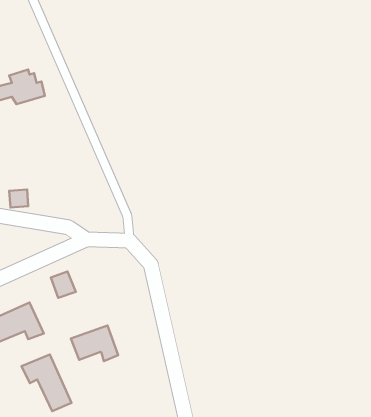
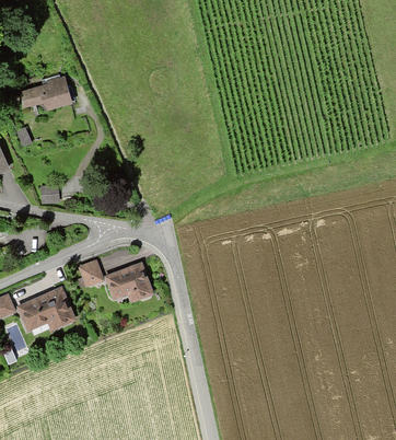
building: [71,326,118,361] -> [106,265,150,298]
building: [22,354,71,411] -> none

